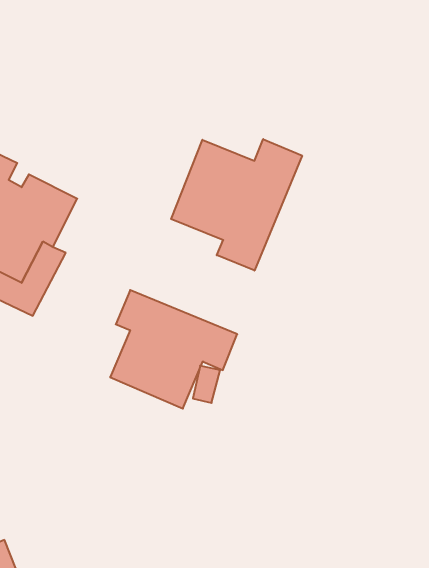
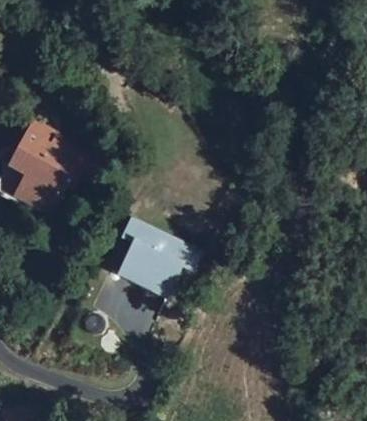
building: [171,139,302,271] -> none

